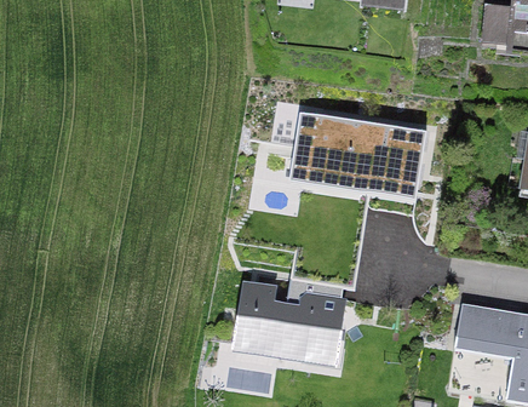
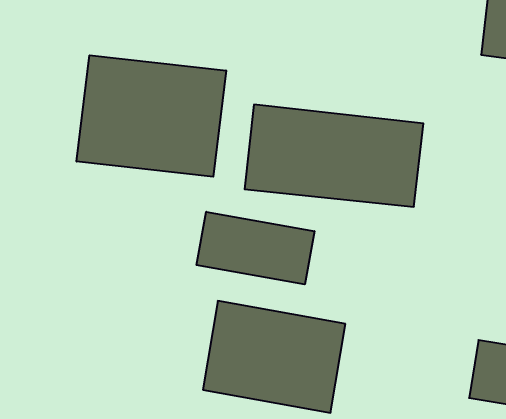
building: none -> [77,55,226,177]
building: none -> [197,212,314,284]

